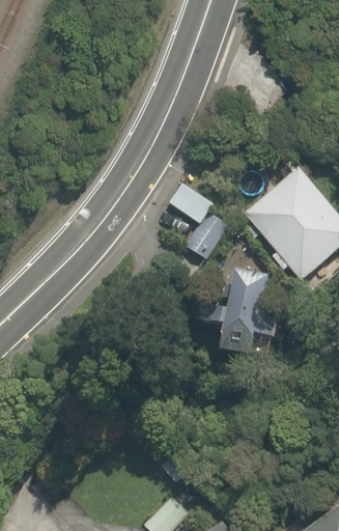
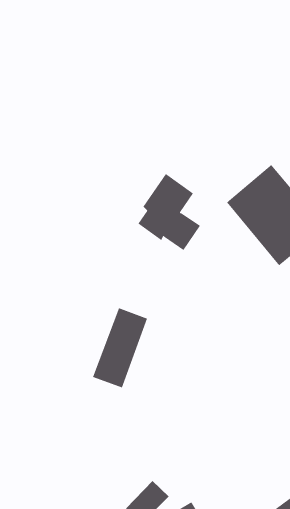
building: [210,263,267,346] -> [92,307,148,388]

